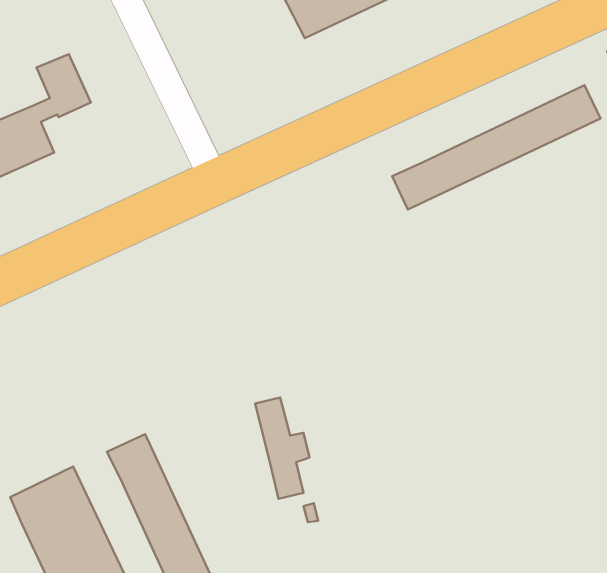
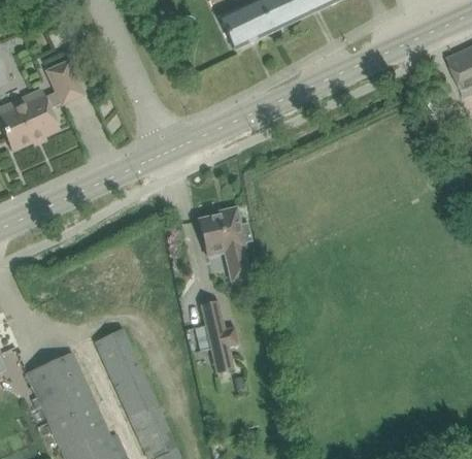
building: [392,85,600,209] -> none
building: none -> [198,207,251,282]

